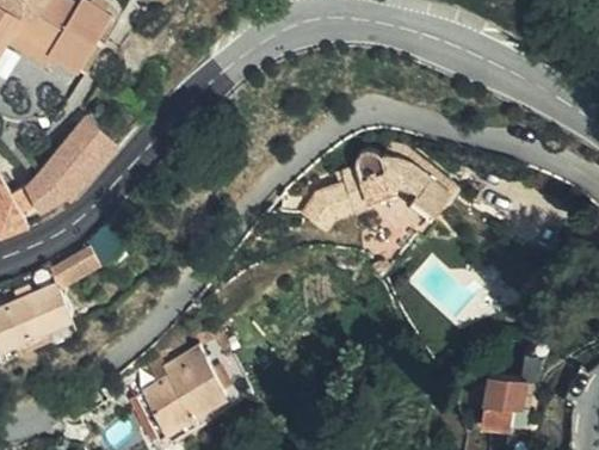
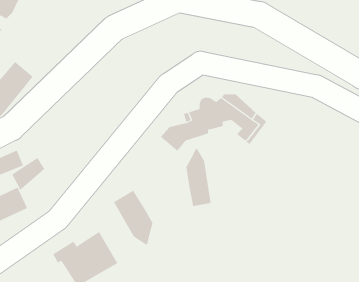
building: none -> [186,148,211,207]
building: none -> [113,190,153,245]
building: [477,369,520,425] -> none

